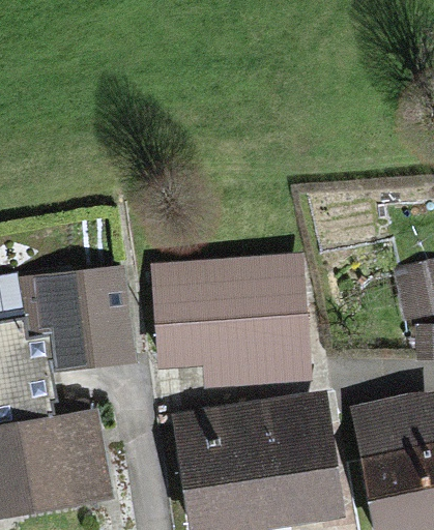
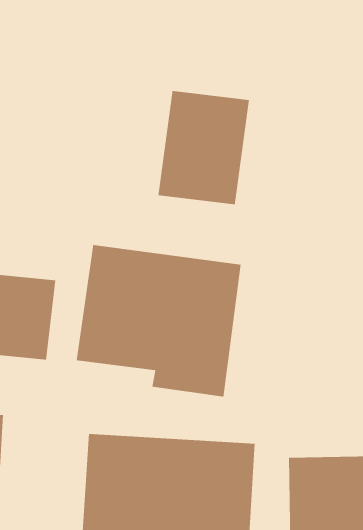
building: none -> [158,90,250,205]

